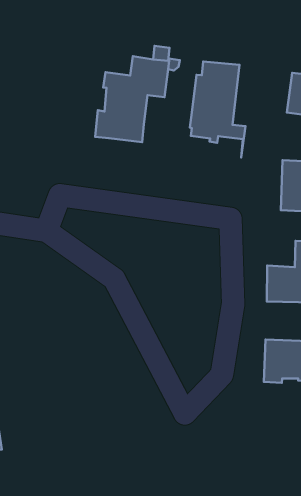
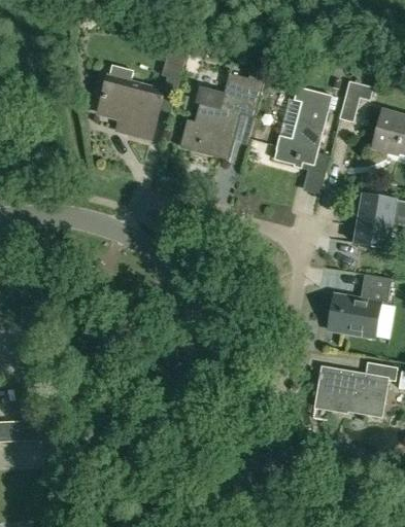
building: none -> [98,35,190,138]
building: none -> [330,80,373,155]

